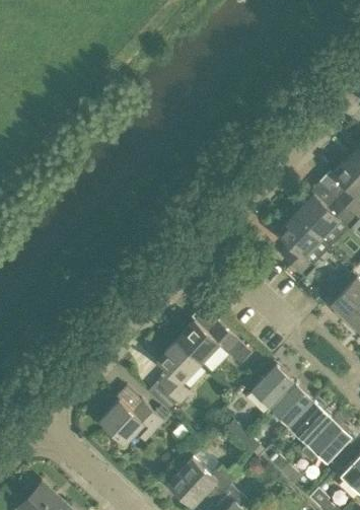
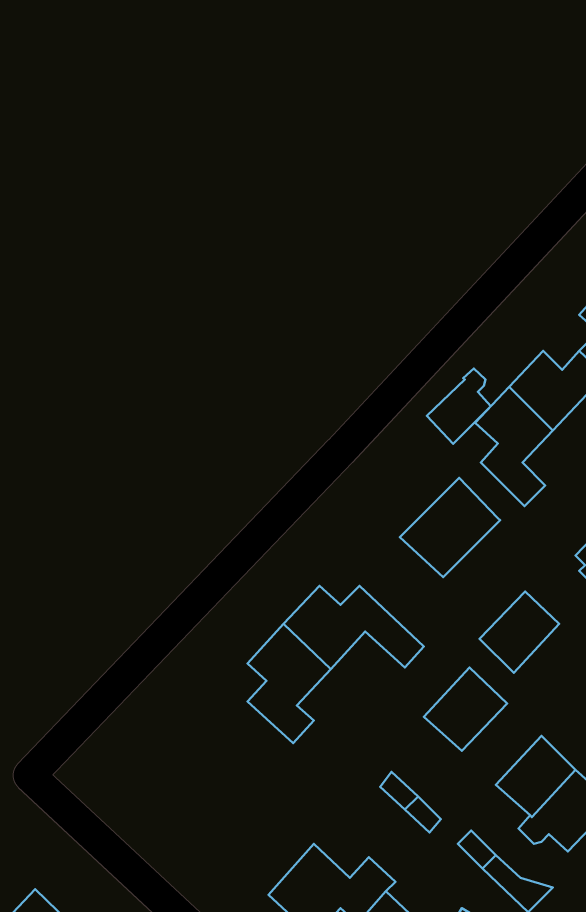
building: none -> [427,368,491,444]
building: none -> [400,478,500,577]
building: [270,383,312,427] -> [480,591,559,673]
building: [98,399,168,444] -> none

